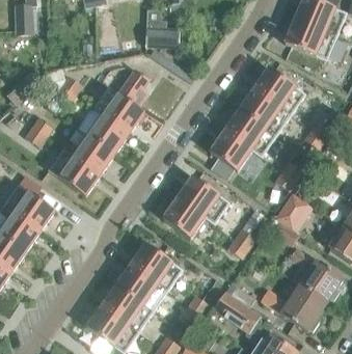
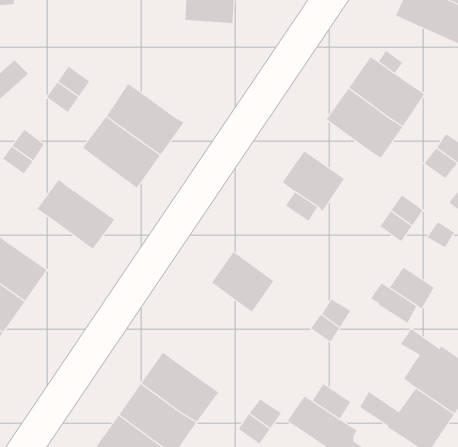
building: [118,69,148,107] -> none
building: [224,109,275,155] -> none
building: [72,135,114,175] -> none
building: [178,175,229,222] -> none
building: [131,242,183,290] -> none

